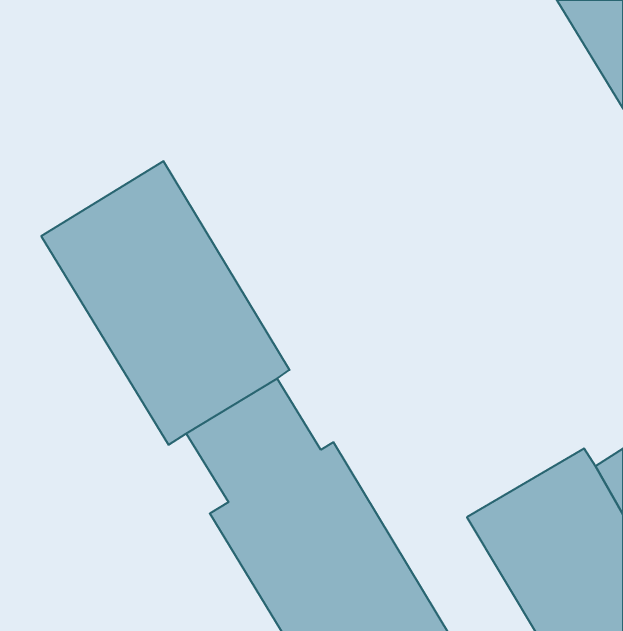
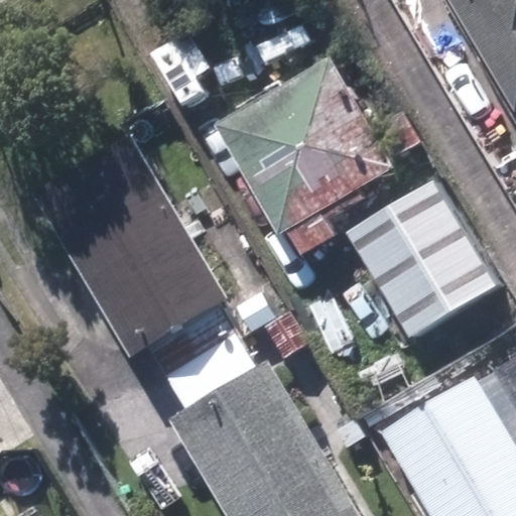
building: none -> [215,57,393,237]
building: none -> [346,180,498,342]

